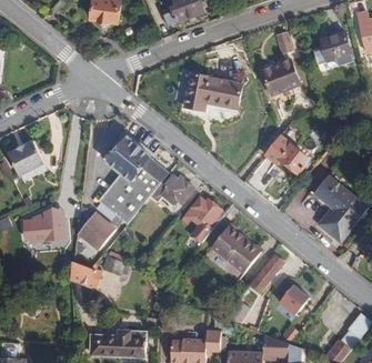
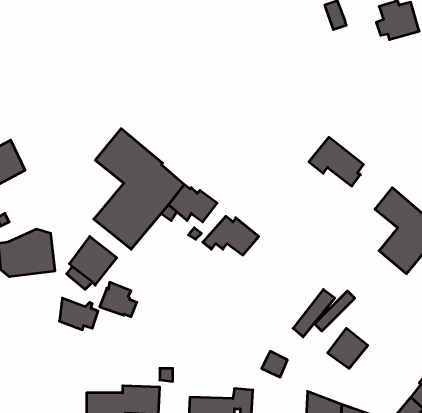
building: [264,60,301,95] -> none
building: [183,71,242,110] -> none
building: [211,224,260,273] -> none

